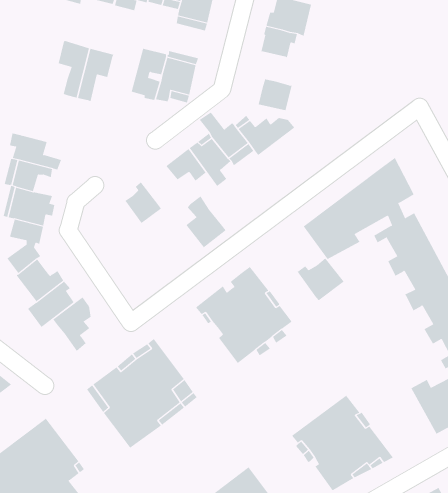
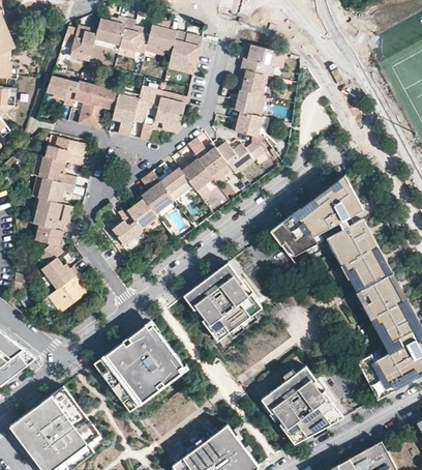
building: none -> [46,77,77,107]
building: none -> [111,90,139,138]
building: none -> [230,90,265,117]
building: none -> [43,137,80,166]
building: [185,195,226,248] -> [140,171,173,213]
building: none -> [110,207,141,244]
building: [297,257,344,301] -> none
building: [52,296,91,352] -> none

